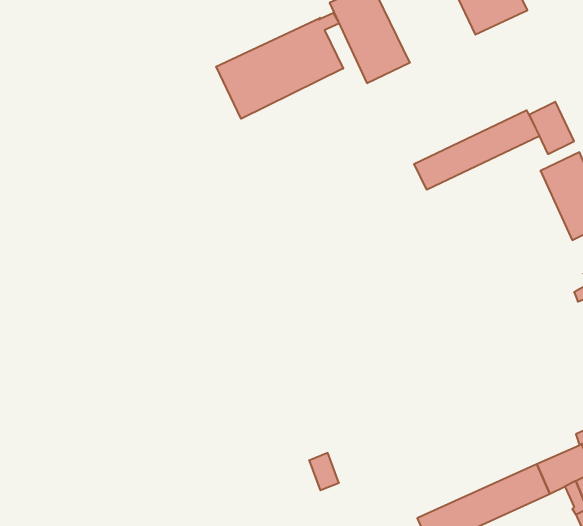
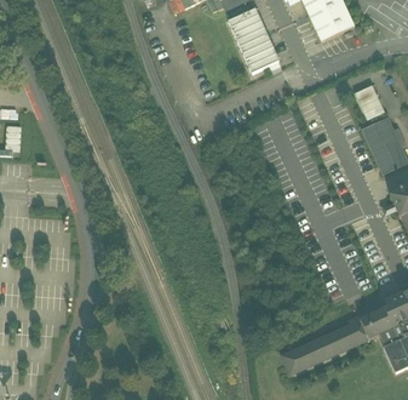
building: [216,13,343,119] -> none
building: [414,110,539,190] -> none

